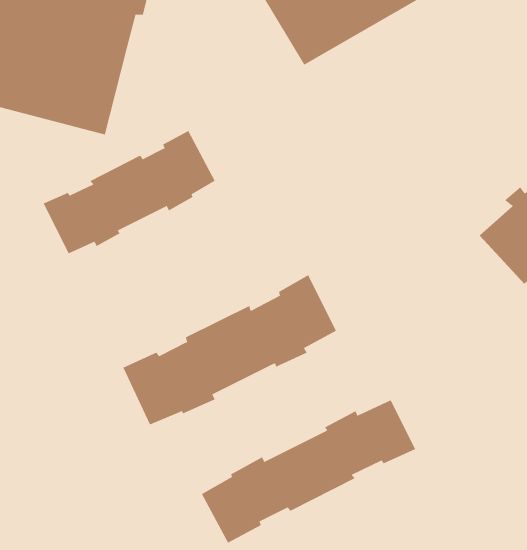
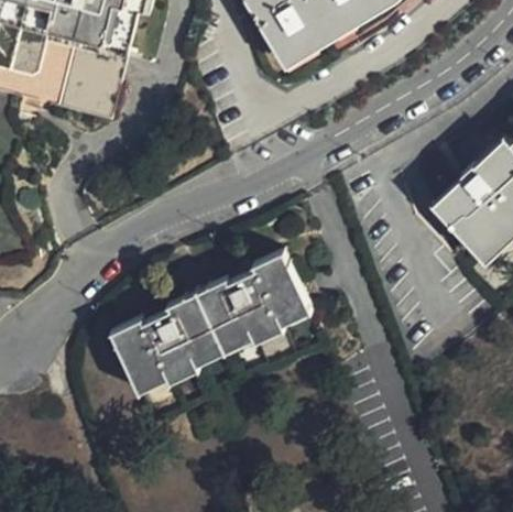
building: [43,130,216,254] -> none
building: [201,399,416,543] -> none

